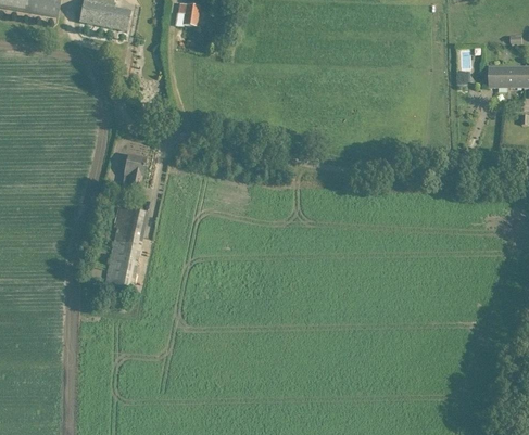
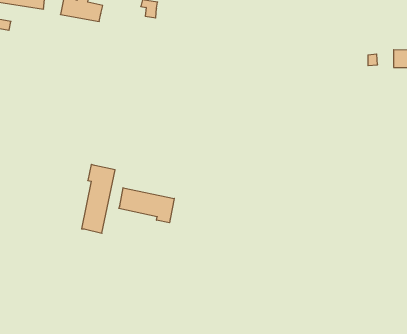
building: [122,154,144,183] -> none
building: none -> [119,188,174,223]

